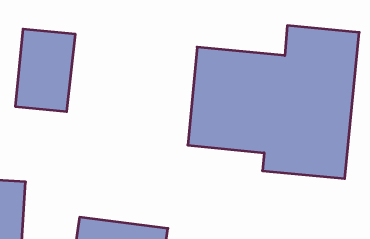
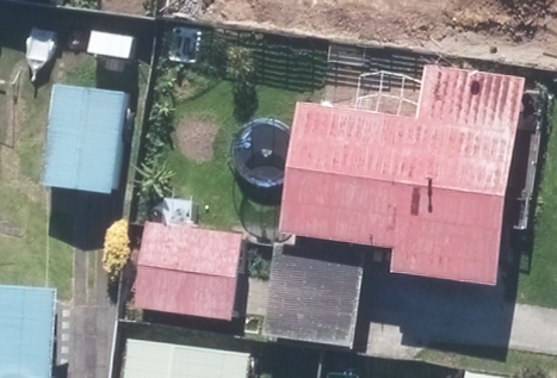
building: none -> [132,219,243,314]
building: none -> [264,244,366,349]

